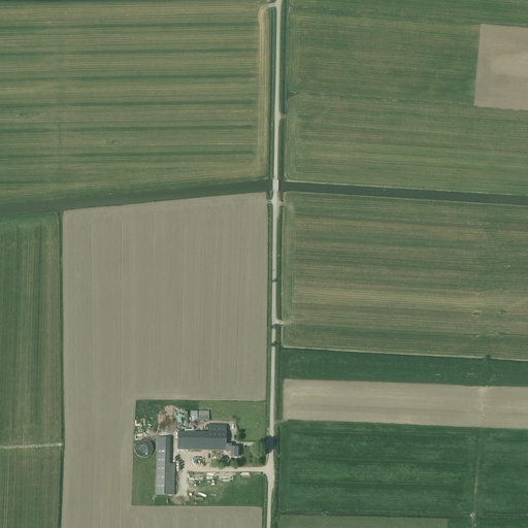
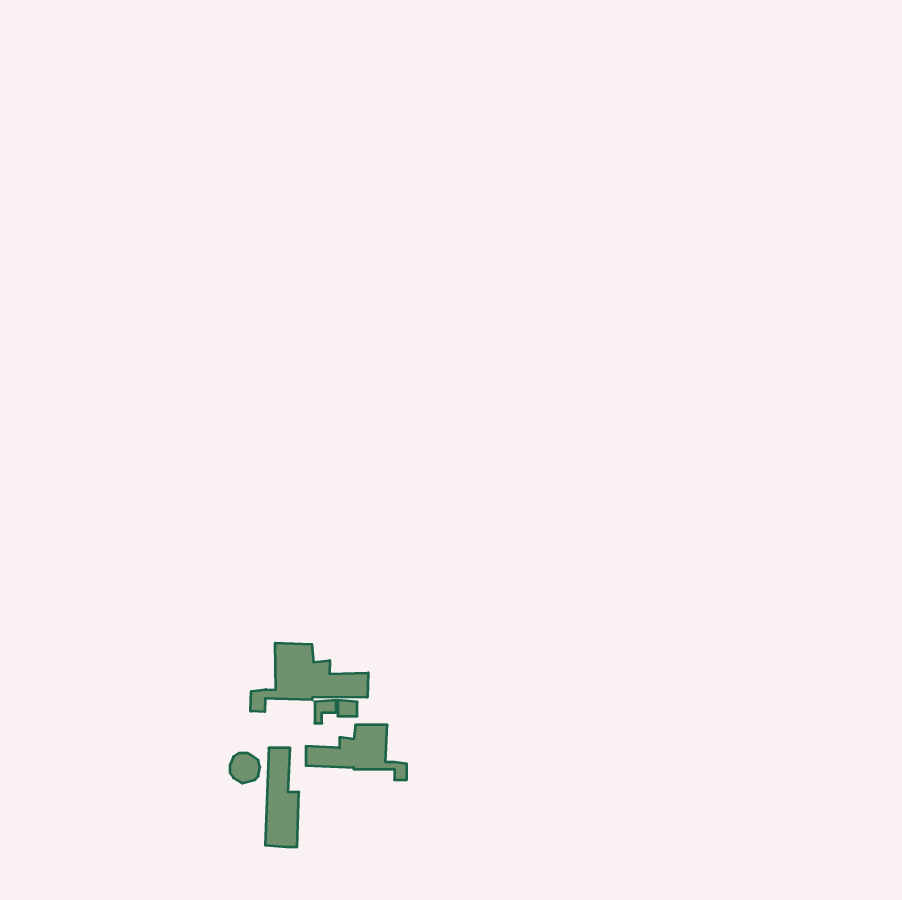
building: none -> [251,643,368,712]

